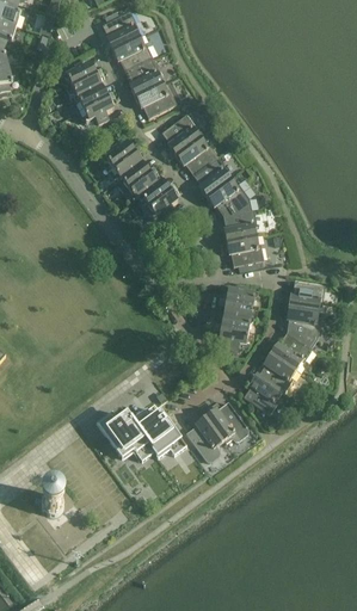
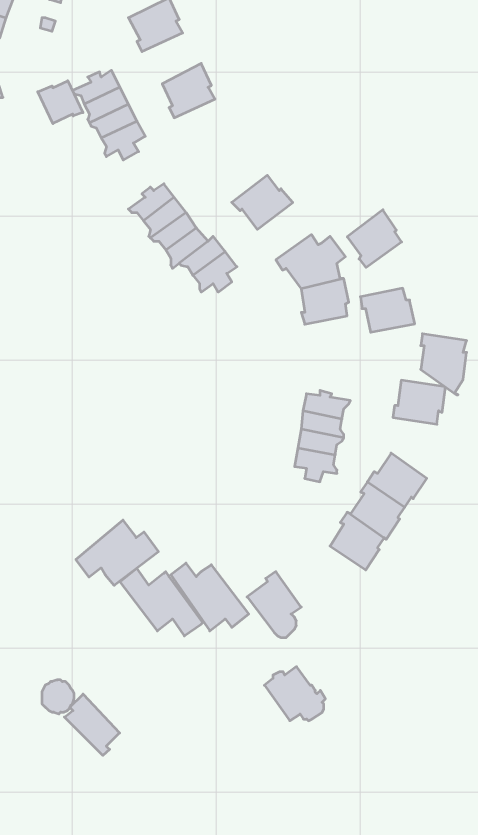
building: [111,35,153,70] -> none
building: none -> [38,81,83,124]
building: [134,81,176,117] -> none
building: [161,112,199,154] -> none
building: [192,154,230,195] -> [347,210,402,267]
building: [226,234,264,265] -> [360,288,415,332]
building: [287,306,319,348] -> [421,334,467,395]
building: none -> [76,520,158,585]
building: [205,401,248,439] -> [264,667,325,721]
building: none -> [64,694,120,755]

